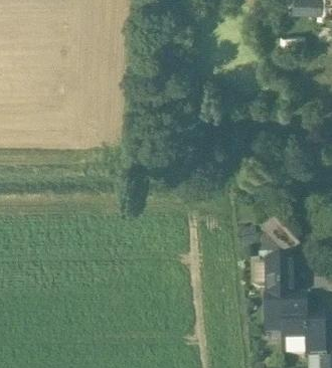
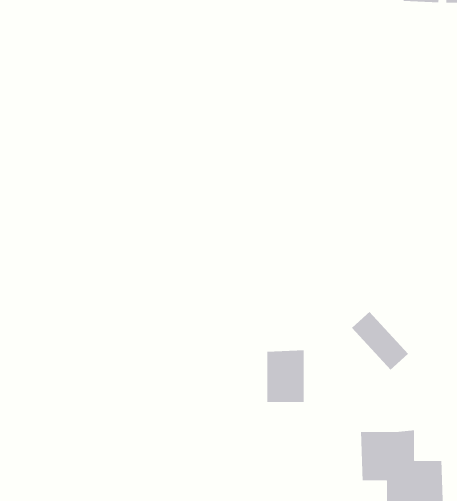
building: [267,257,292,293] -> [267,350,305,403]

